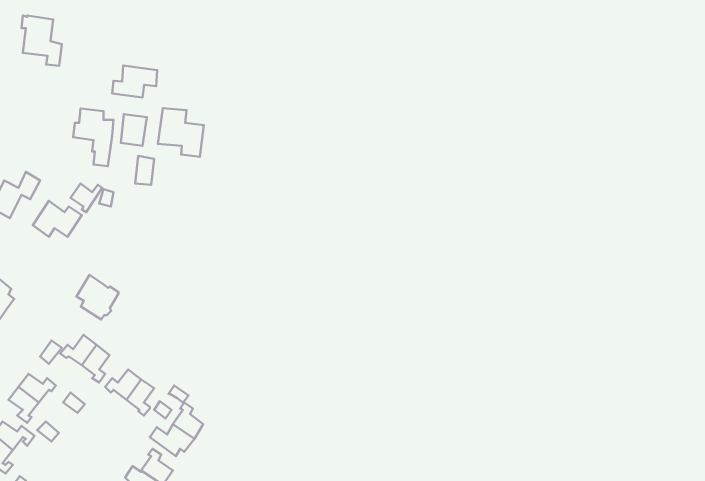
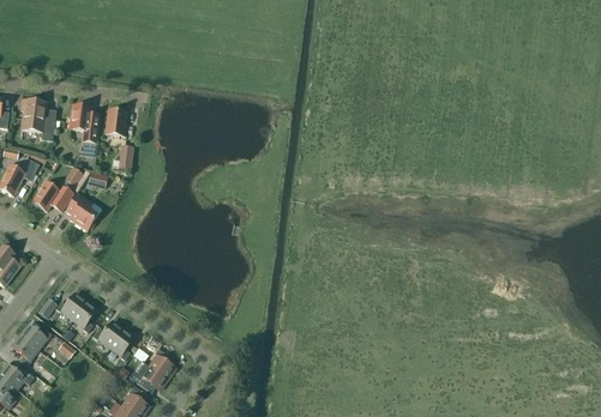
building: [22,15,62,66] -> [20,98,54,140]
building: [112,65,157,97] -> none
building: [158,108,204,157] -> none
building: [77,275,118,320] -> [66,193,101,230]

